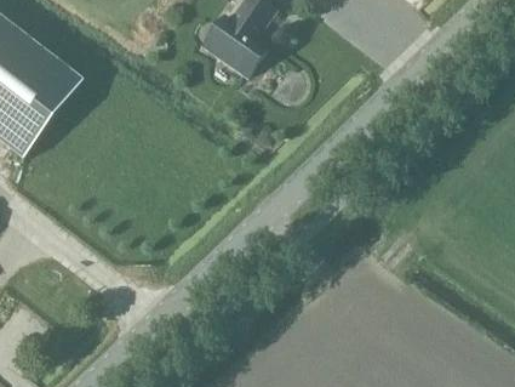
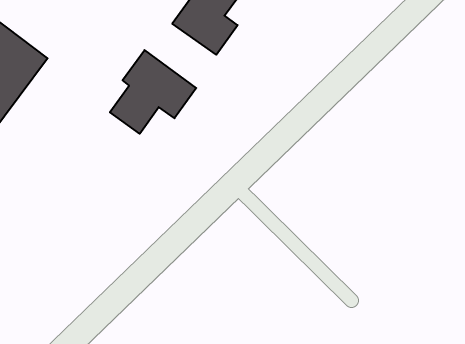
building: none -> [110,50,196,134]

